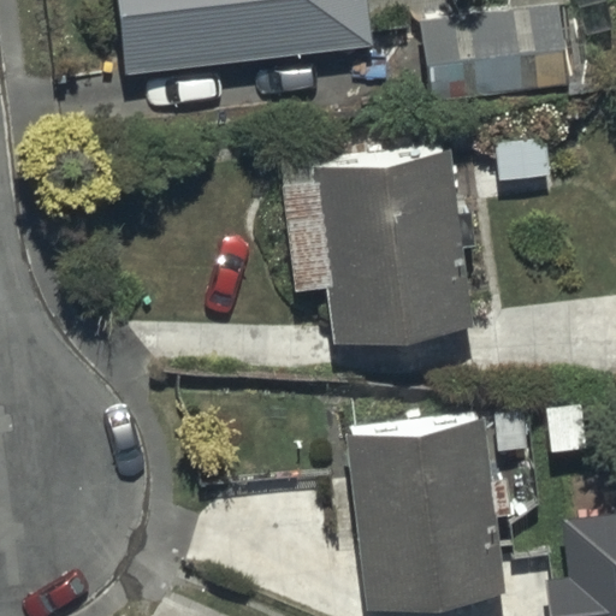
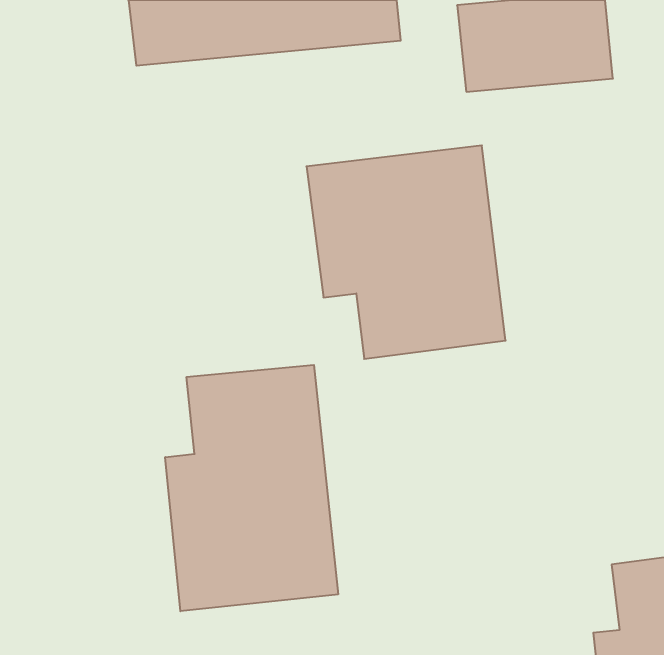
building: none -> [165,365,338,611]
building: [348,410,502,606] -> none

